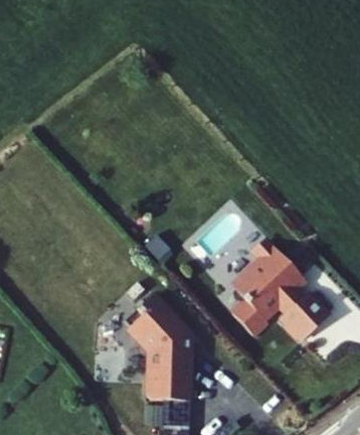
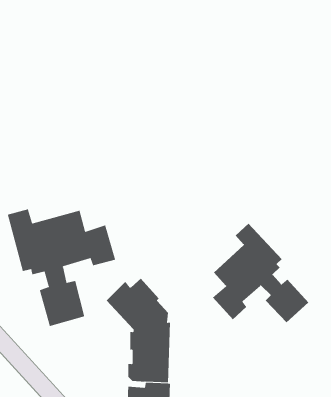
building: none -> [7,208,116,327]

